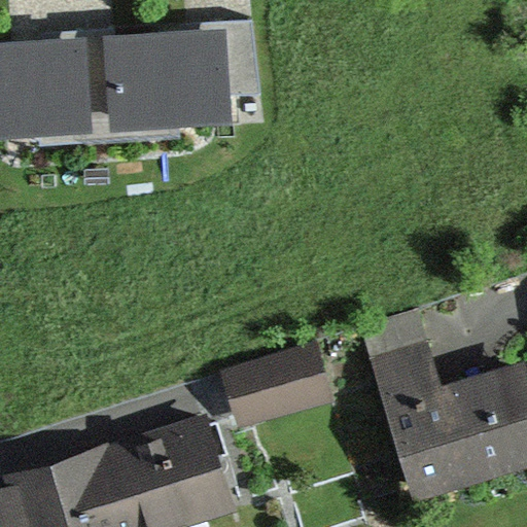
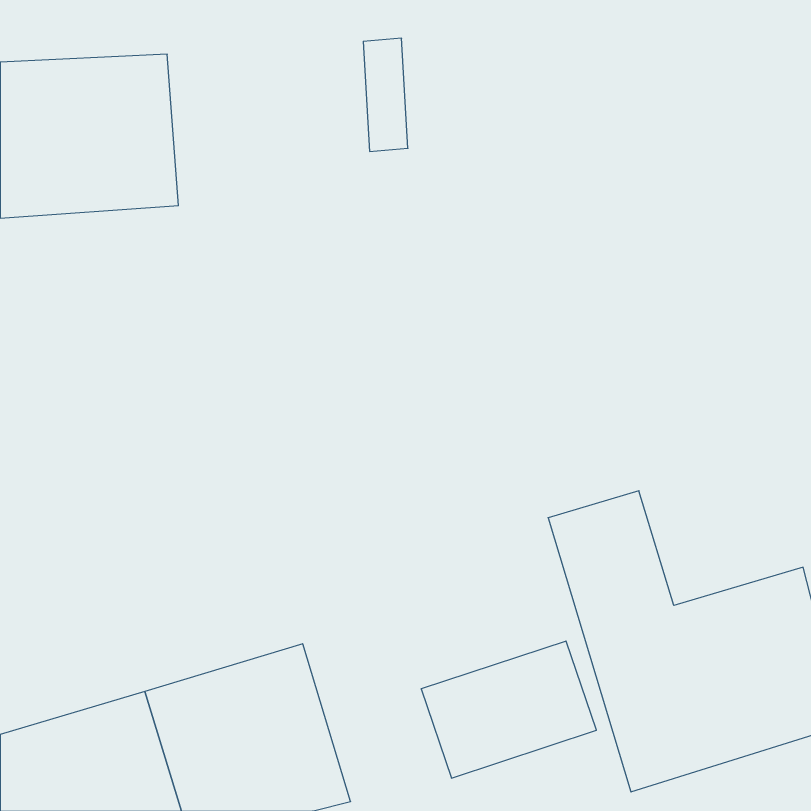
building: [110,26,241,133] -> none
building: [221,344,335,432] -> [421,641,596,778]

